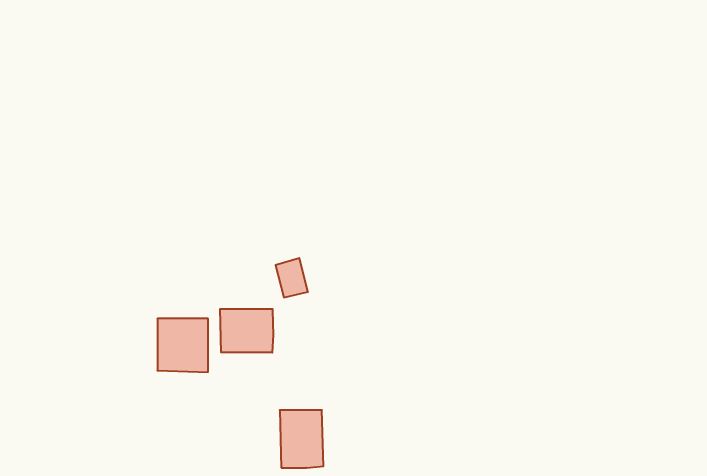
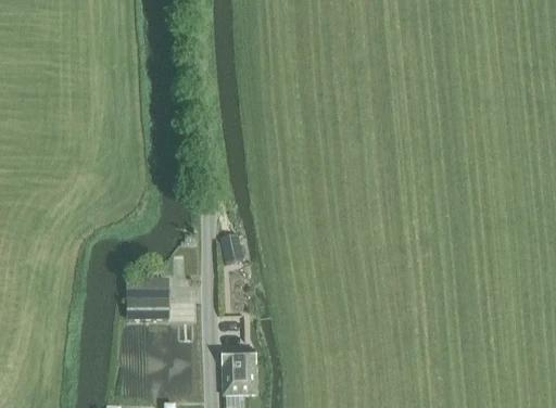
building: [220,309,273,353] -> none

